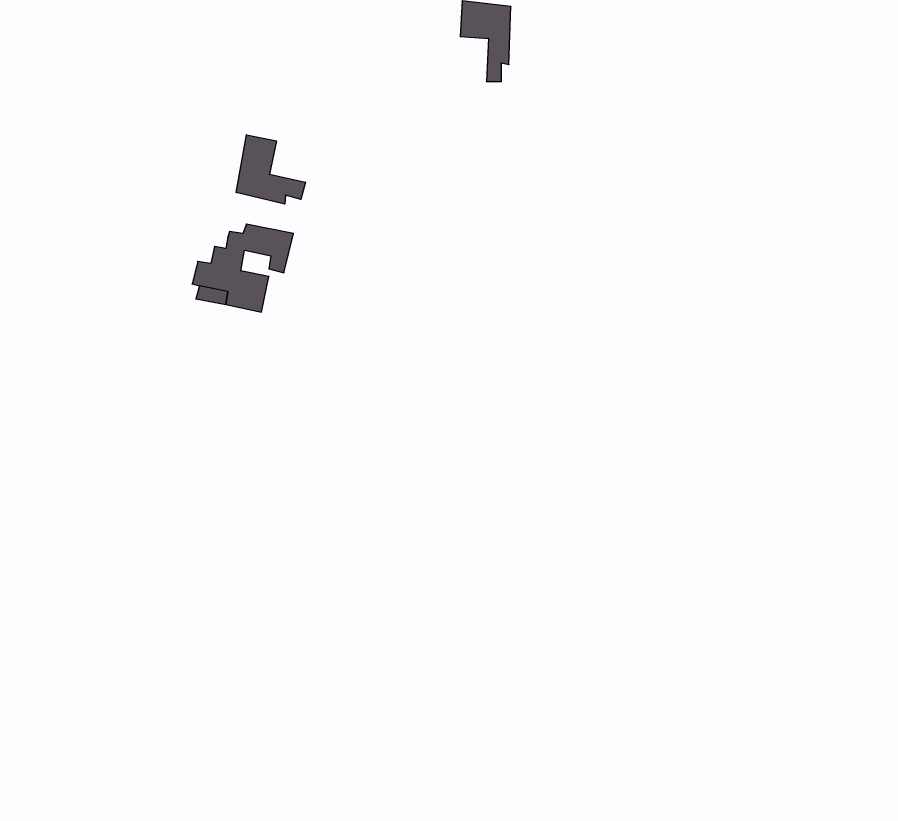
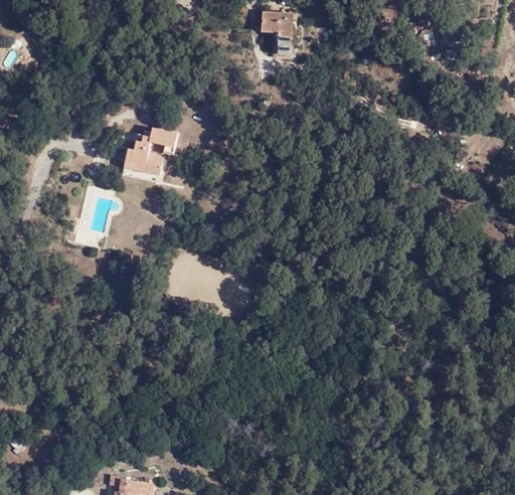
building: [236,135,305,204] -> none

